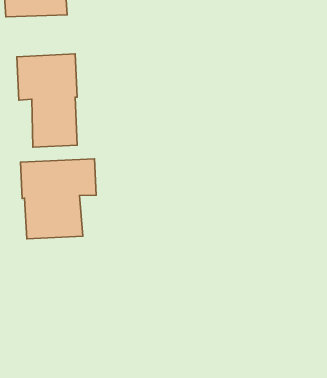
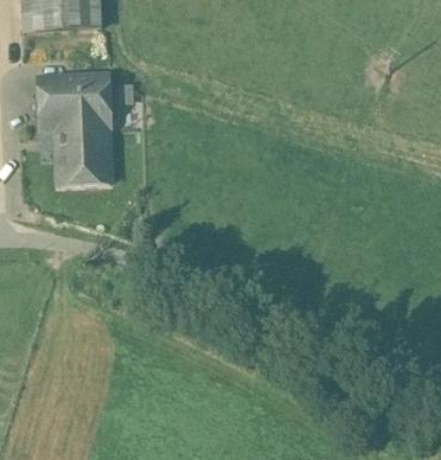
building: [20,159,96,239] -> none

